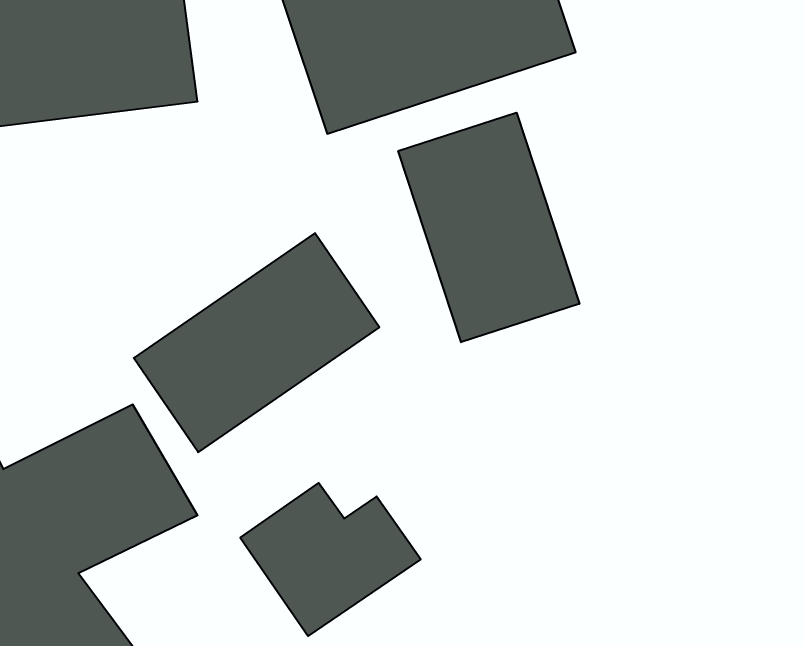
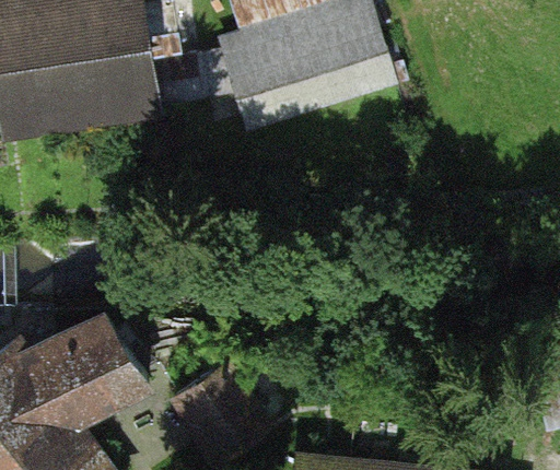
building: [398,113,579,342] -> none
building: [134,233,379,452] -> none

